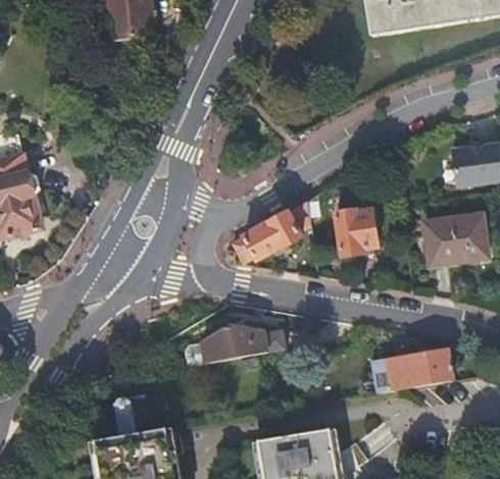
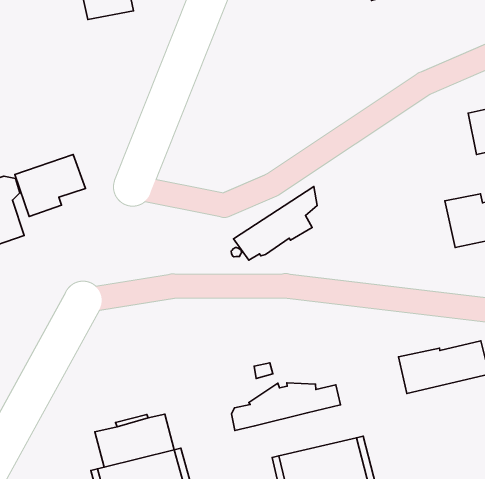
building: none -> [15,155,86,217]
building: [335,210,377,257] -> none
building: [186,324,285,364] -> [232,383,341,431]

